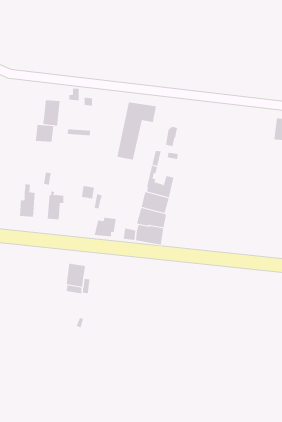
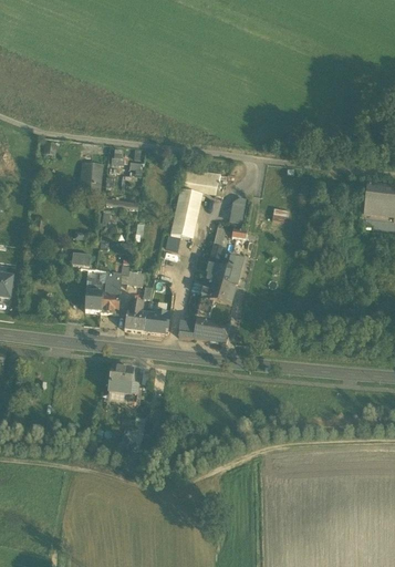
building: [35,124,54,143] -> none
building: [19,184,35,217] -> [101,271,121,312]
building: none -> [124,298,147,330]

